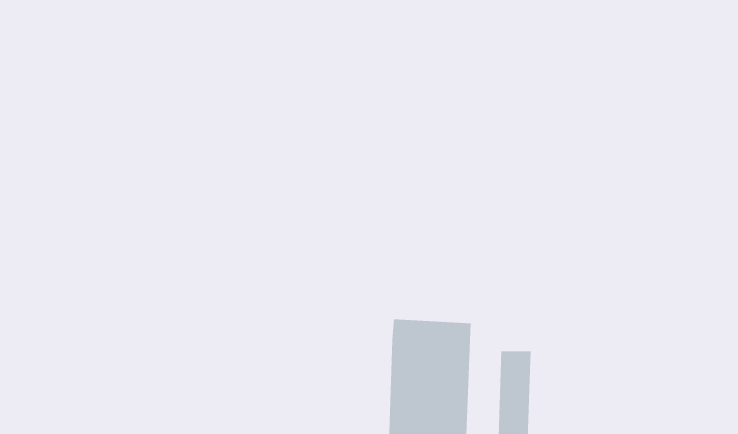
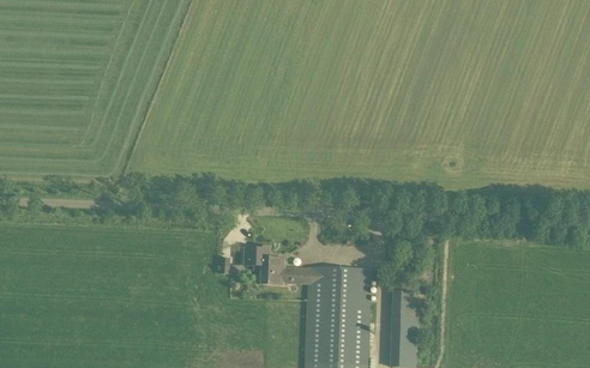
building: none -> [243,246,308,284]

